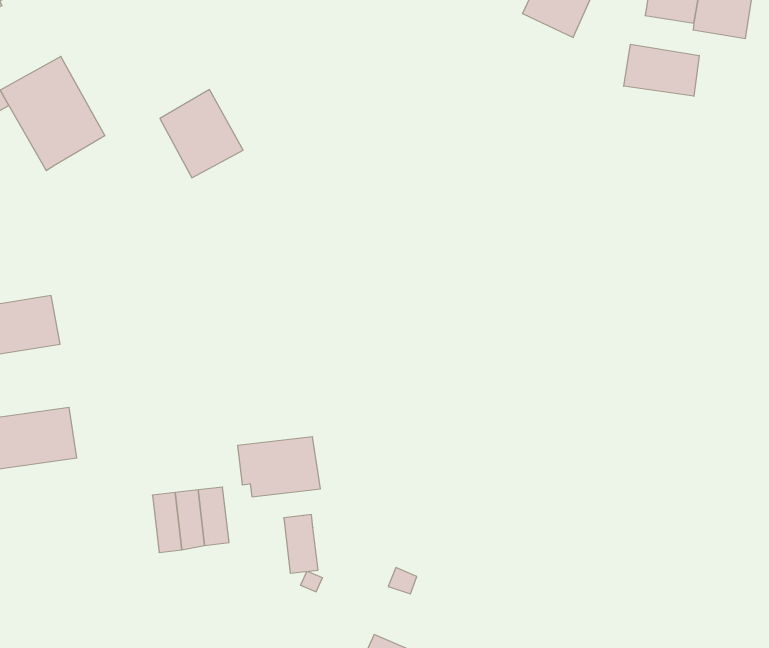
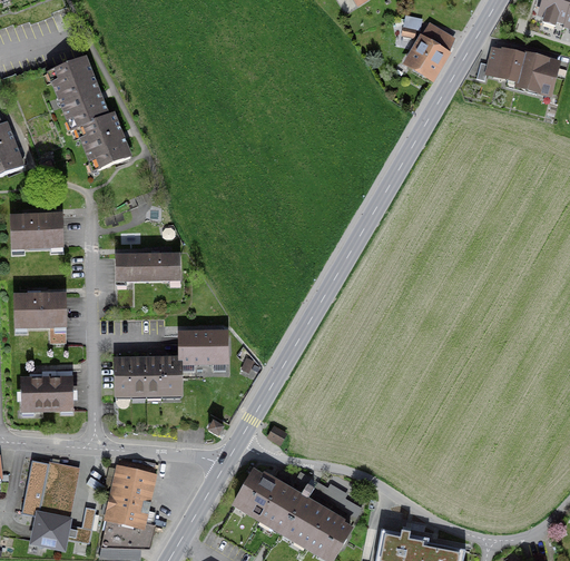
building: [624,44,699,96] -> none
building: [160,90,243,178] -> [76,110,129,168]
building: none -> [115,253,181,279]
building: [284,515,318,573] -> [163,356,181,394]
building: none -> [19,374,72,411]

